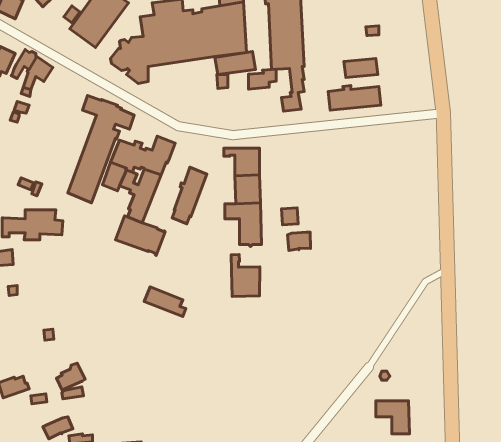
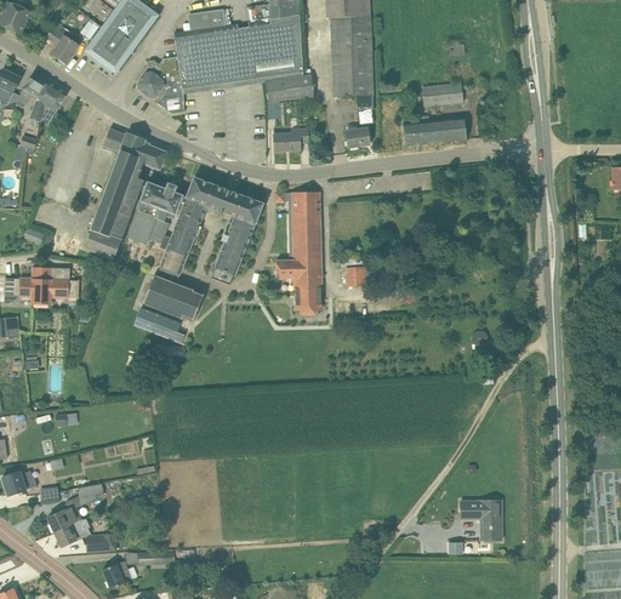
building: none -> [46,28,79,63]
building: [248,69,276,89] -> [274,127,308,152]
building: none -> [209,186,263,223]
building: [288,232,311,250] -> none
building: [231,255,260,296] -> none
building: [144,287,186,317] -> [133,307,184,343]
building: [56,363,85,390] -> [47,498,82,531]

